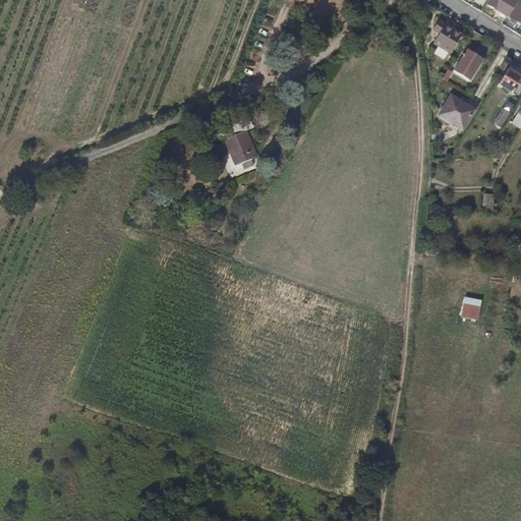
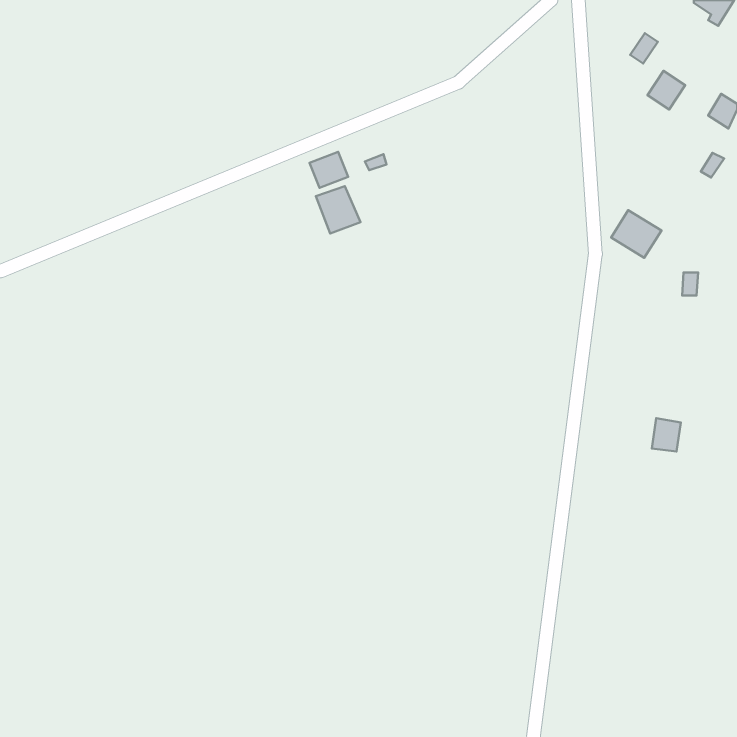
building: [441,93,476,126] -> [611,210,661,258]
building: none -> [309,152,348,188]

